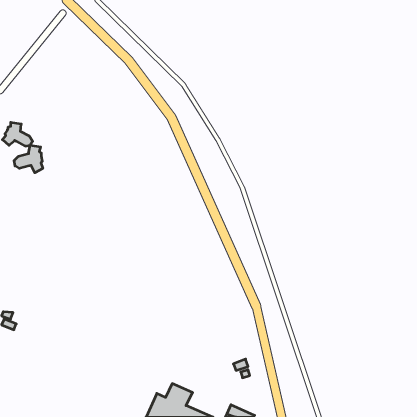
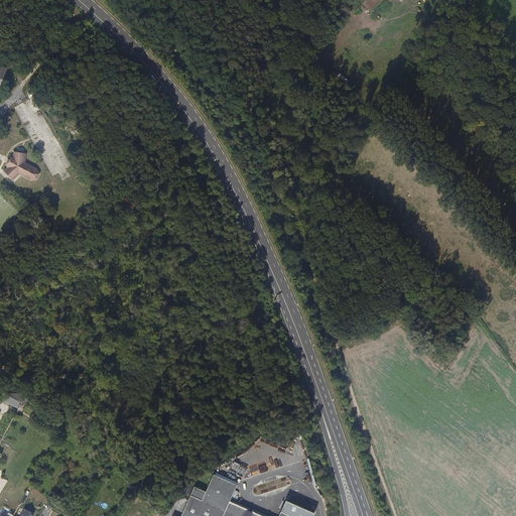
building: [14,145,43,173] -> none

